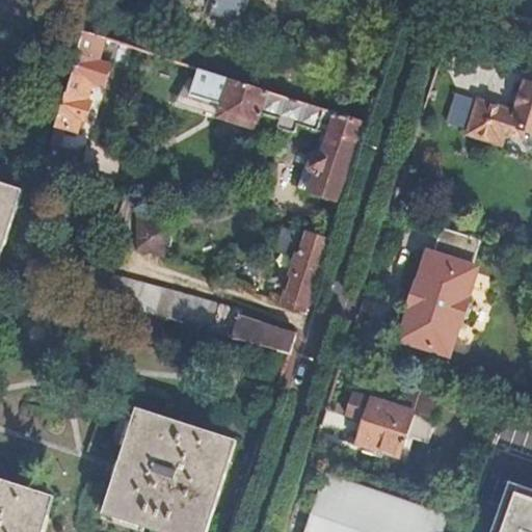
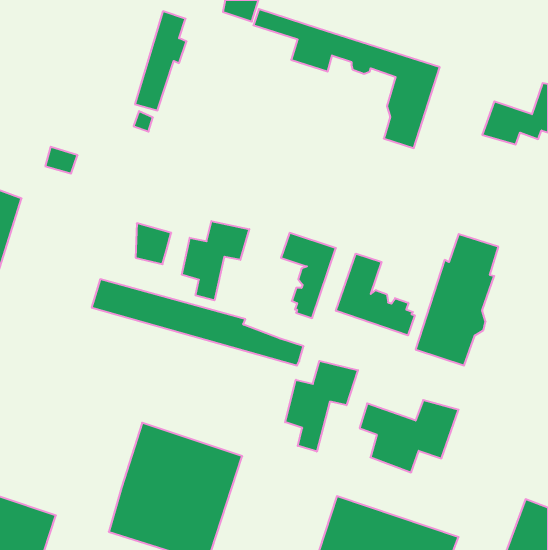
building: [55,32,105,128] -> [135,11,187,110]
building: [182,65,362,200] -> [253,9,440,148]
building: none -> [182,221,249,300]
building: none -> [336,254,415,335]
building: none -> [285,361,358,452]

